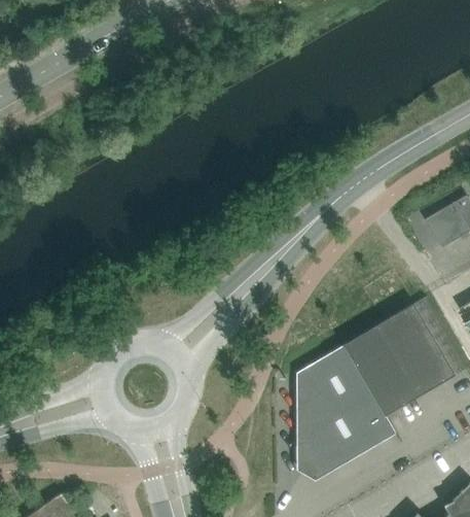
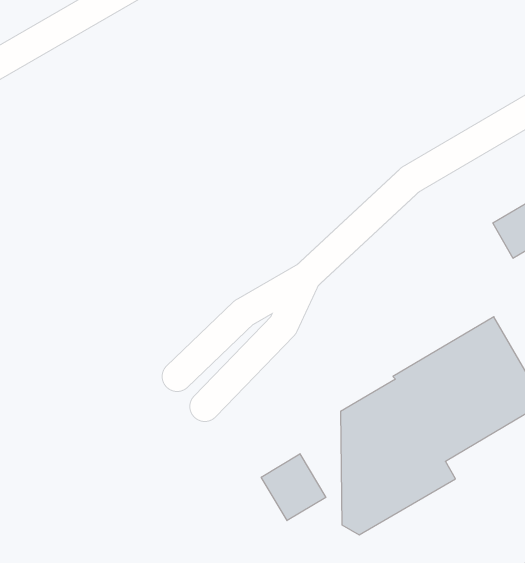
building: none -> [261,454,326,521]

